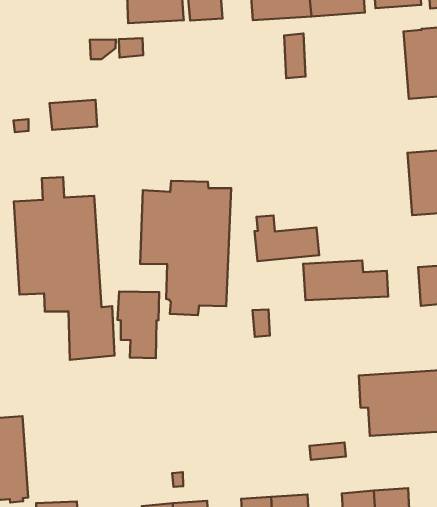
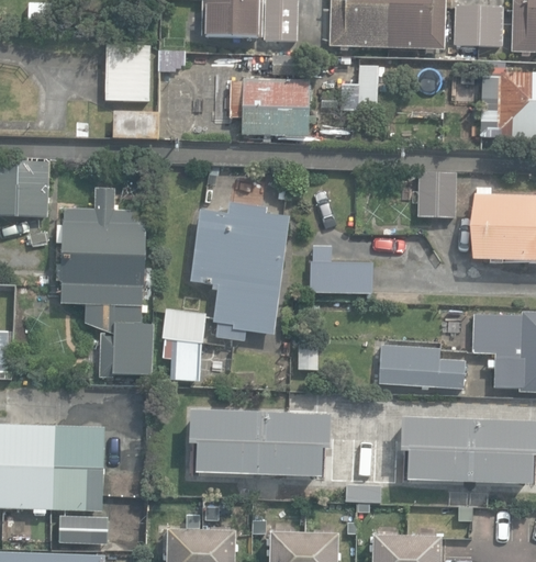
building: none -> [105,44,149,101]
building: none -> [230,78,306,136]
building: none -> [417,171,456,216]
building: [303,260,388,300] -> [378,345,464,386]
building: none -> [188,407,330,475]
building: none -> [52,426,104,510]

